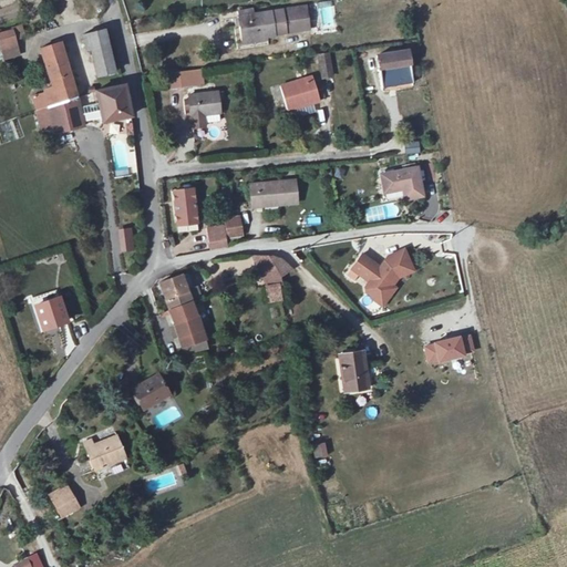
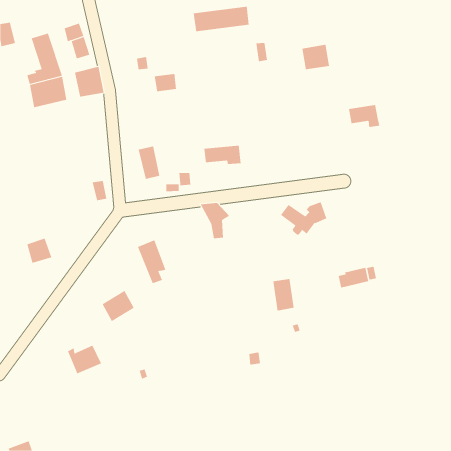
building: [280,79,320,110] -> none
building: [379,167,419,196] -> [348,104,380,127]
building: [162,272,197,309] -> none
building: [49,485,79,517] -> none

